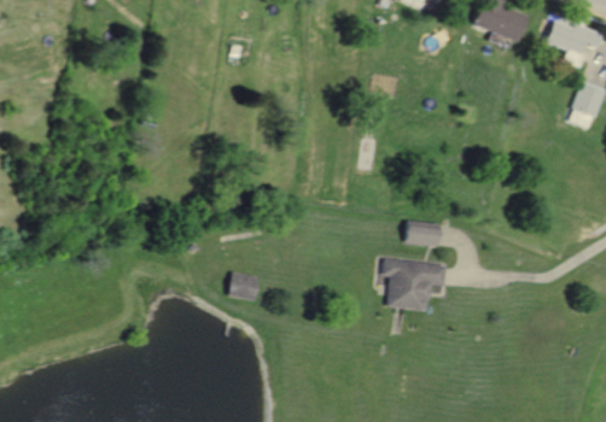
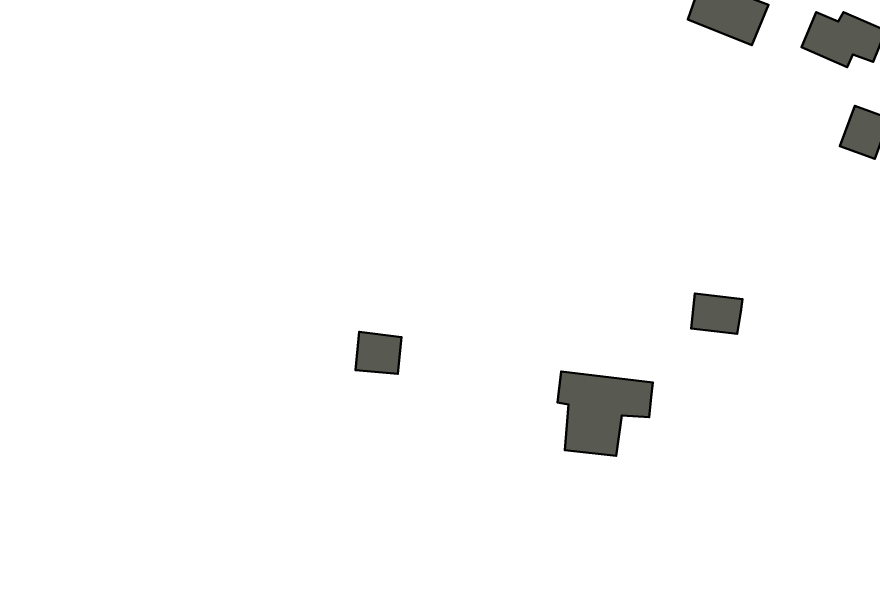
building: [407,221,441,247] -> [691,294,743,334]
building: [229,274,260,301] -> [356,332,402,374]

